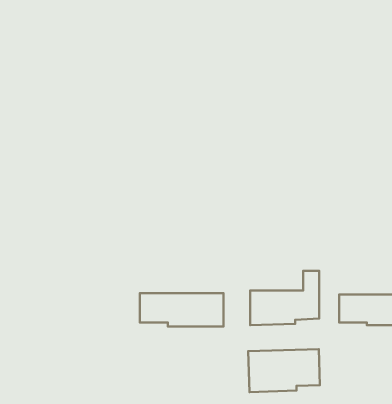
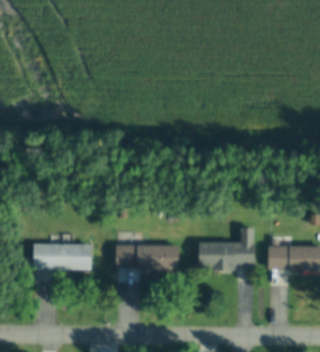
building: none -> [32,244,91,271]
building: [248,349,320,392] -> none

